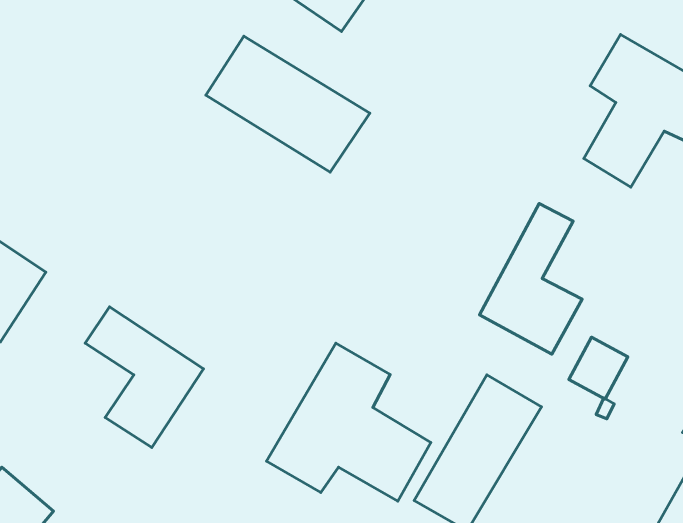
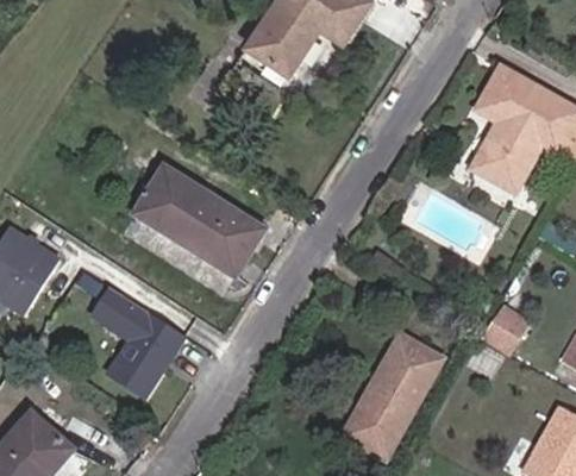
building: [206,36,370,172] -> [136,168,264,275]
building: [479,203,582,354] -> none
building: [267,343,431,501] -> none

